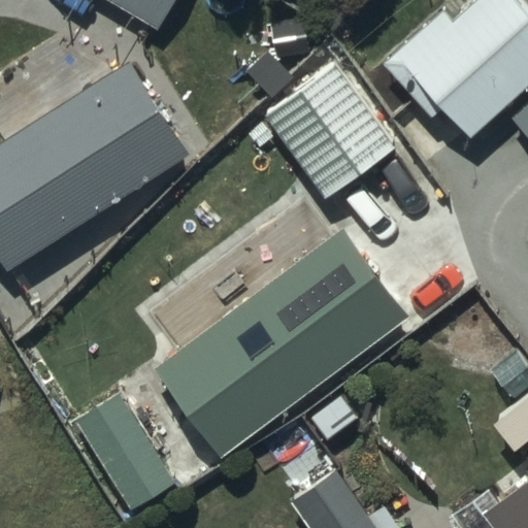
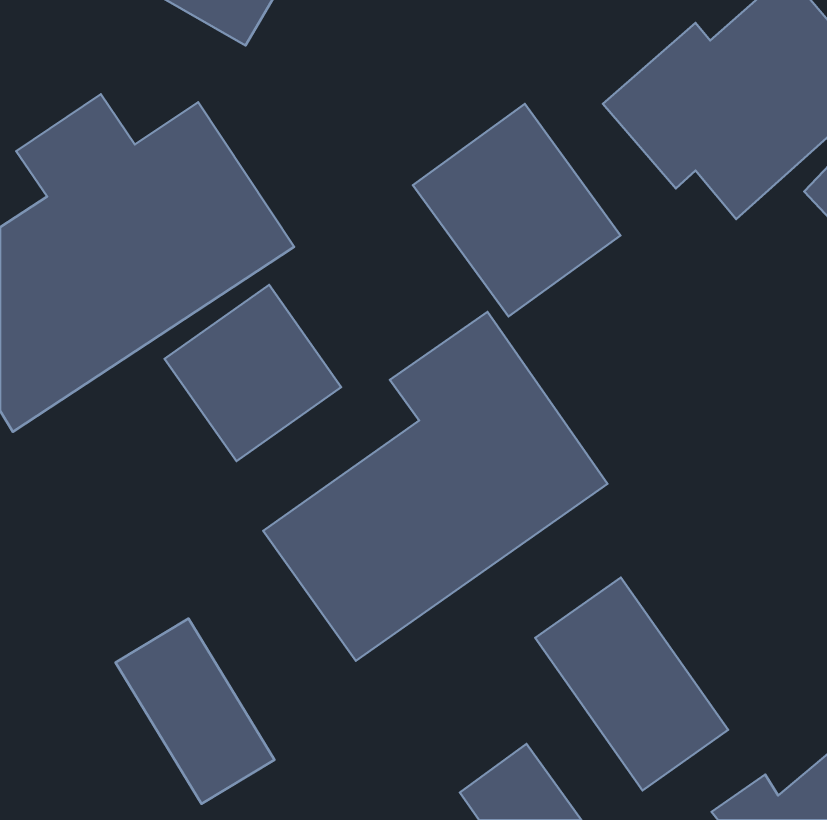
building: none -> [165,285,341,461]
building: none -> [535,577,728,791]

